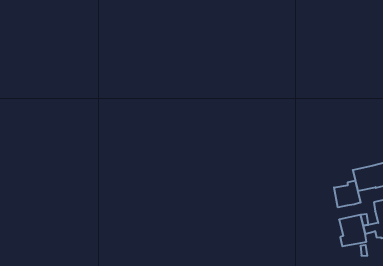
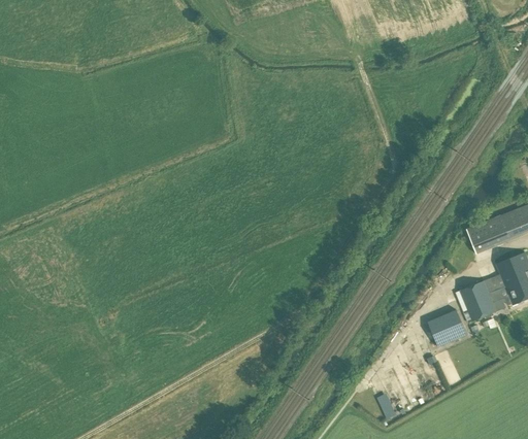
building: [334,181,361,207] -> none
building: none -> [428,310,466,346]

